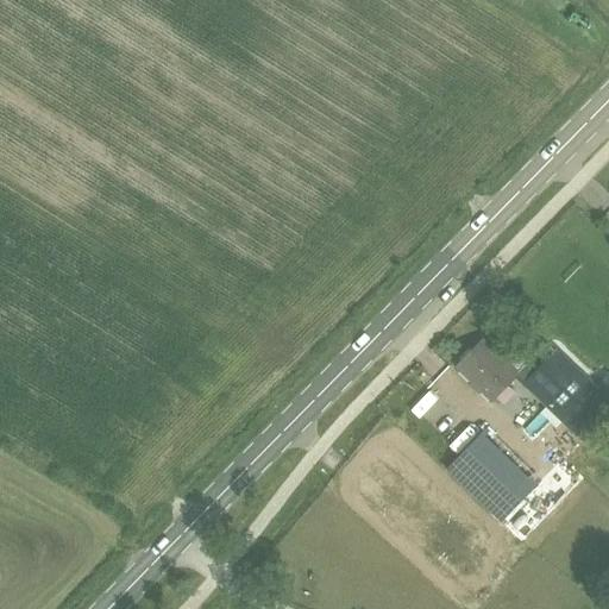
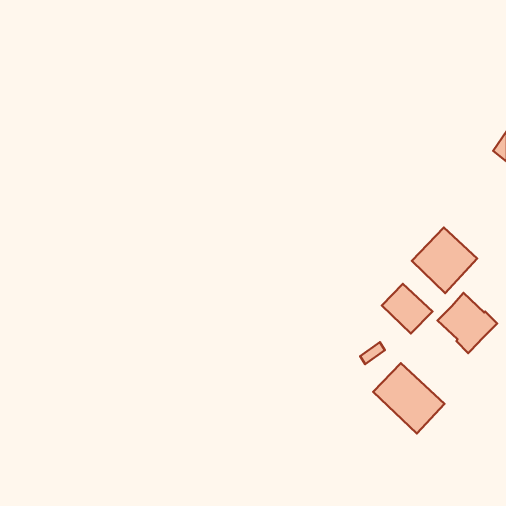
building: none -> [412,227,477,293]

